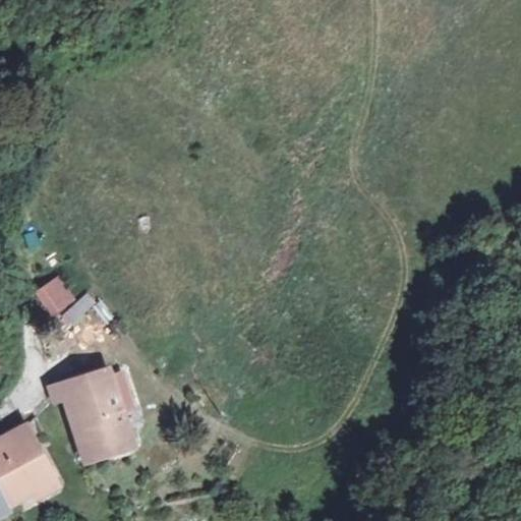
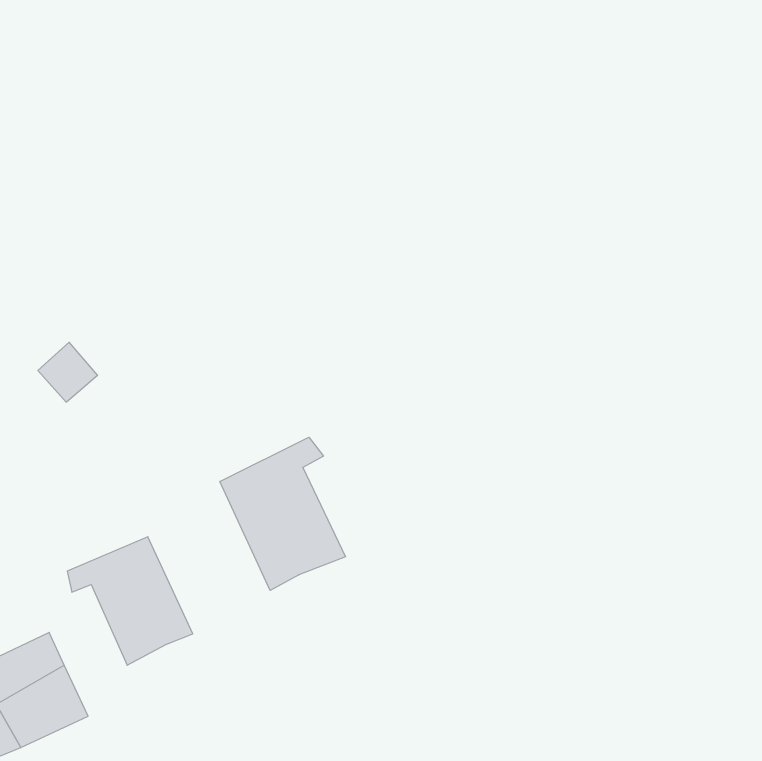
building: [34,275,74,315] -> [38,342,98,402]
building: none -> [220,437,345,590]

